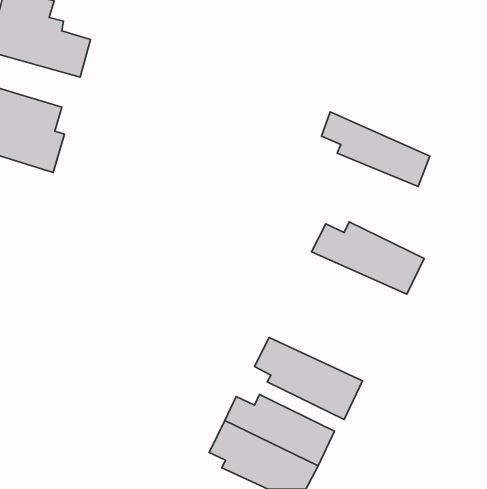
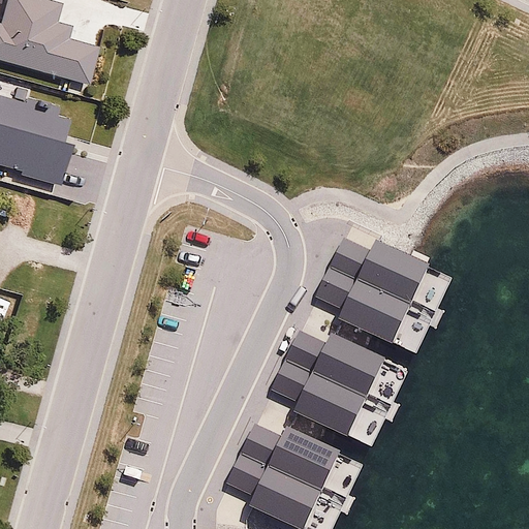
building: [321,112,430,187] -> none
building: none -> [319,270,436,355]
building: none -> [288,332,407,408]

